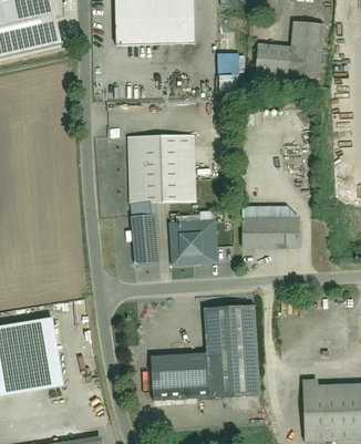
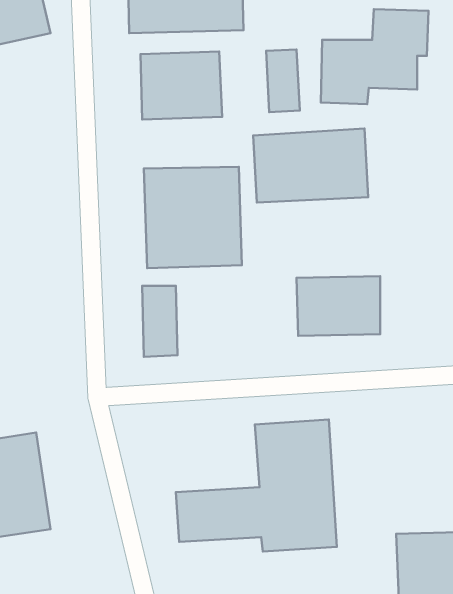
building: none -> [141,52,222,120]
building: none -> [253,128,368,203]
building: [169,223,213,266] -> none

